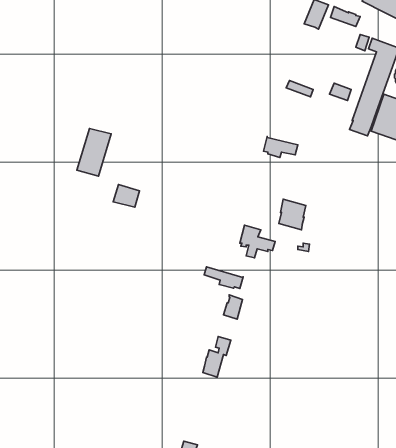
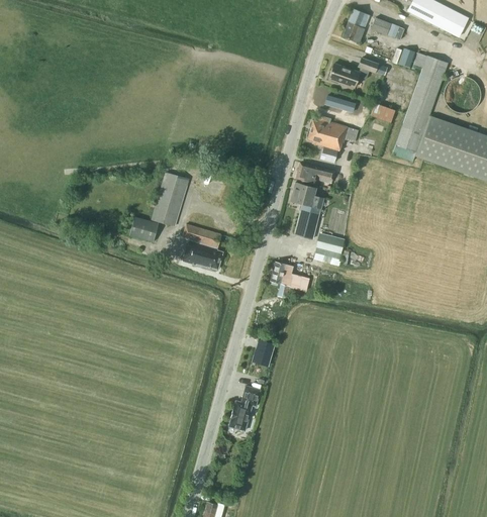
building: none -> [329,59,388,88]
building: none -> [308,115,359,163]
building: [77,128,111,176] -> [152,173,190,226]
building: none -> [292,183,321,239]
building: none -> [182,224,223,270]
building: [204,267,243,289] -> none

